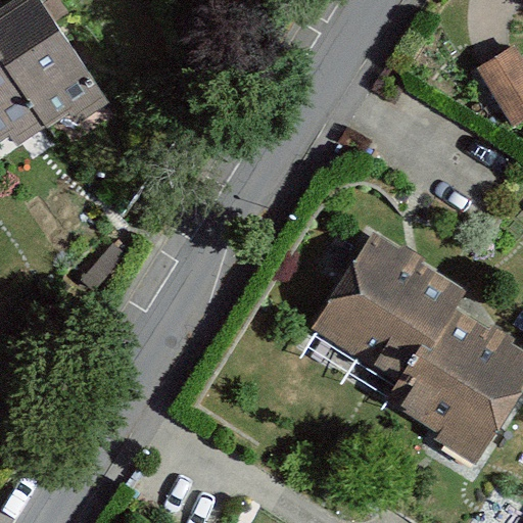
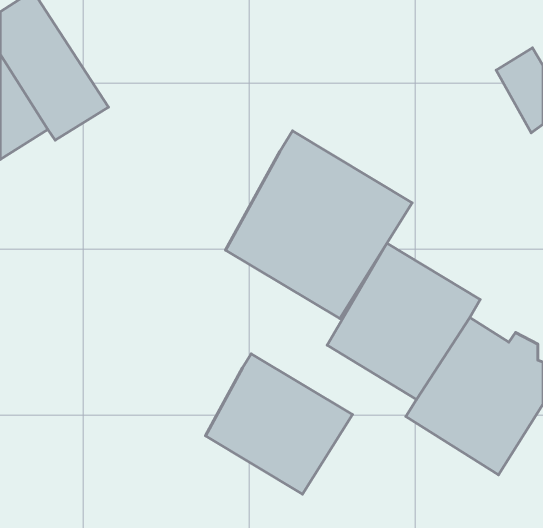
building: none -> [226,131,412,318]
building: none -> [206,354,352,494]

